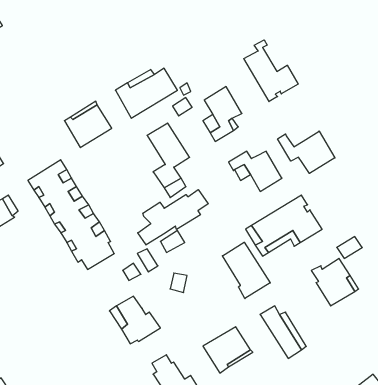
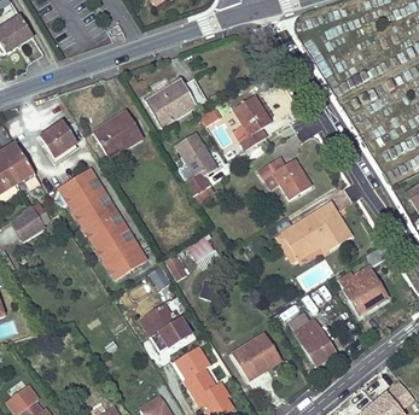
building: [244,40,298,102] -> none
building: none -> [41,123,75,157]
building: [278,131,335,173] -> none
building: [138,190,208,245] -> none
building: [222,242,270,299] -> none

